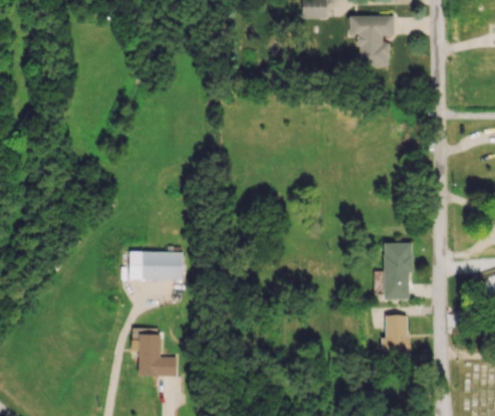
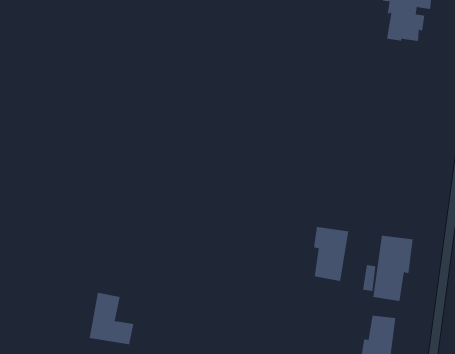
building: none -> [313,226,349,282]
building: [129,250,183,279] -> none

